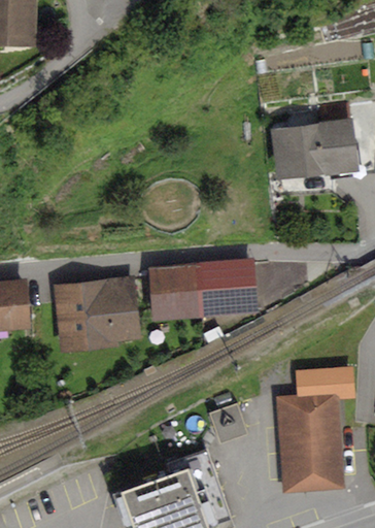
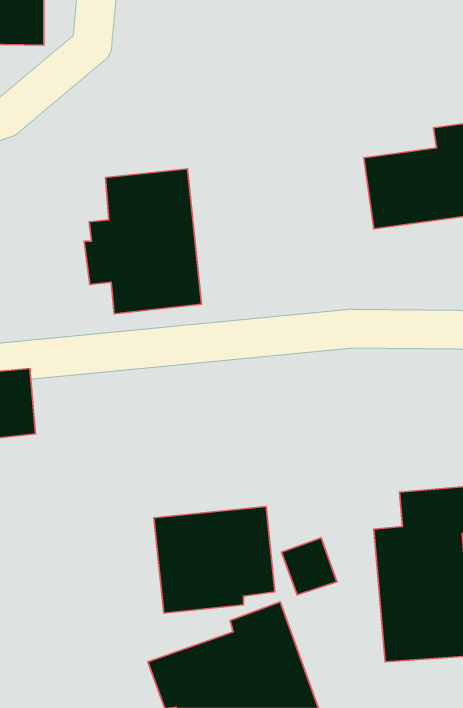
building: none -> [84,169,202,314]
building: [148,259,259,321] -> none
building: [53,276,140,354] -> [154,507,275,613]

